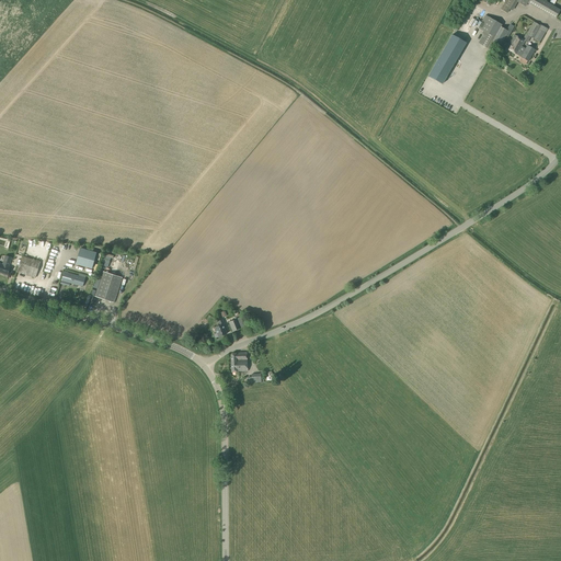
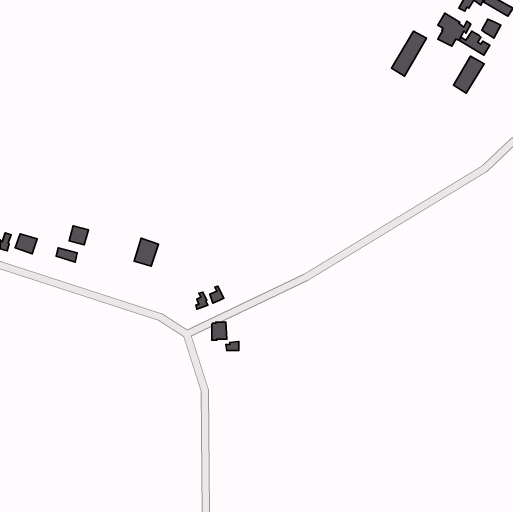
building: none -> [454,56,484,93]
building: [95,271,122,301] -> [134,238,158,266]

